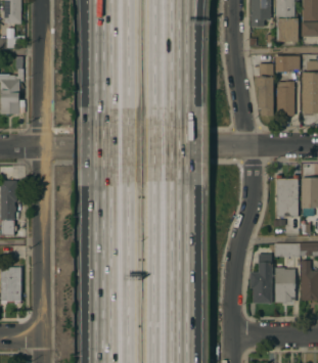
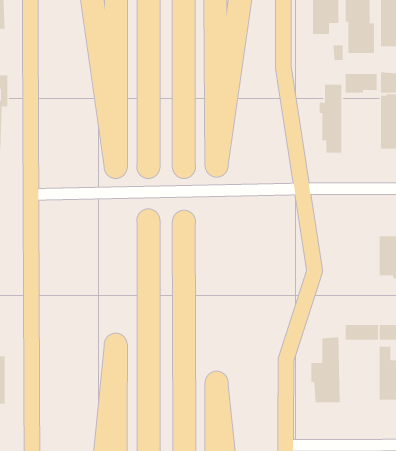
building: [275,81,294,116] -> none
building: [276,179,298,217] -> none
building: [275,268,294,303] -> none

